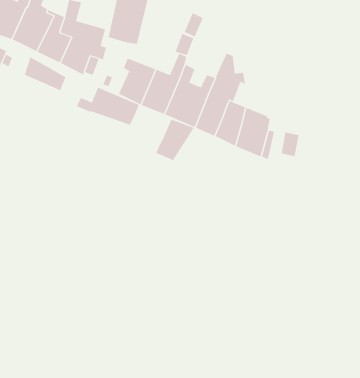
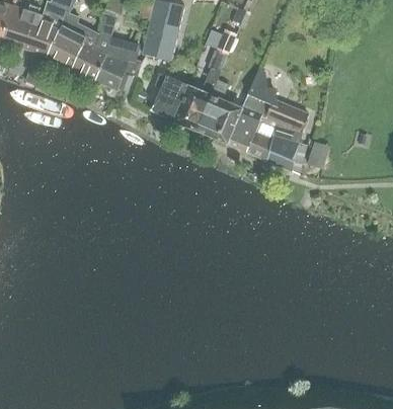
building: [24,57,66,91] -> none
building: none -> [265,99,308,133]
building: [76,87,139,126] -> none
building: [155,119,194,161] -> none

